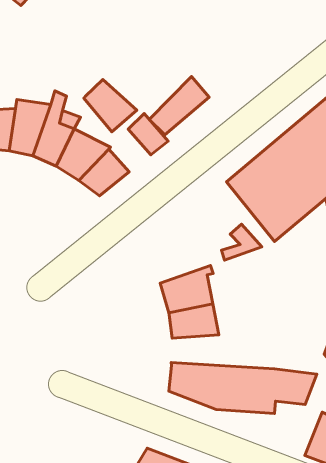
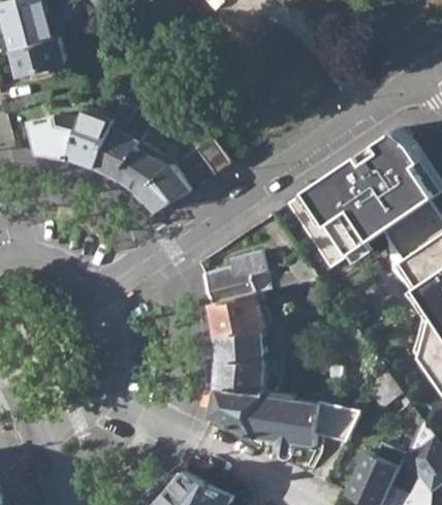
building: [149,77,209,135] -> none
building: [84,80,137,132] -> none
building: none -> [201,253,273,306]
building: none -> [215,362,273,394]

